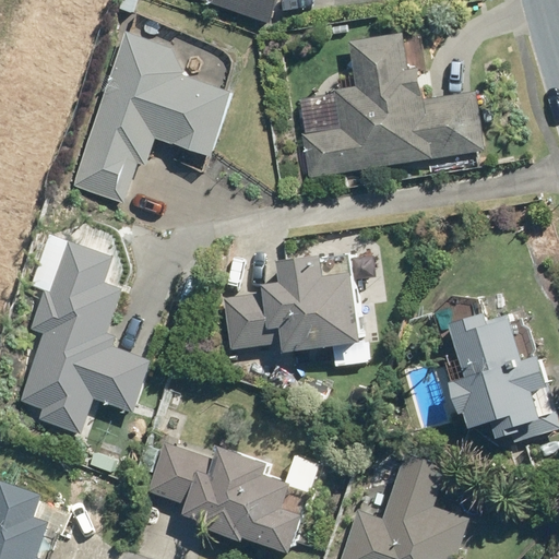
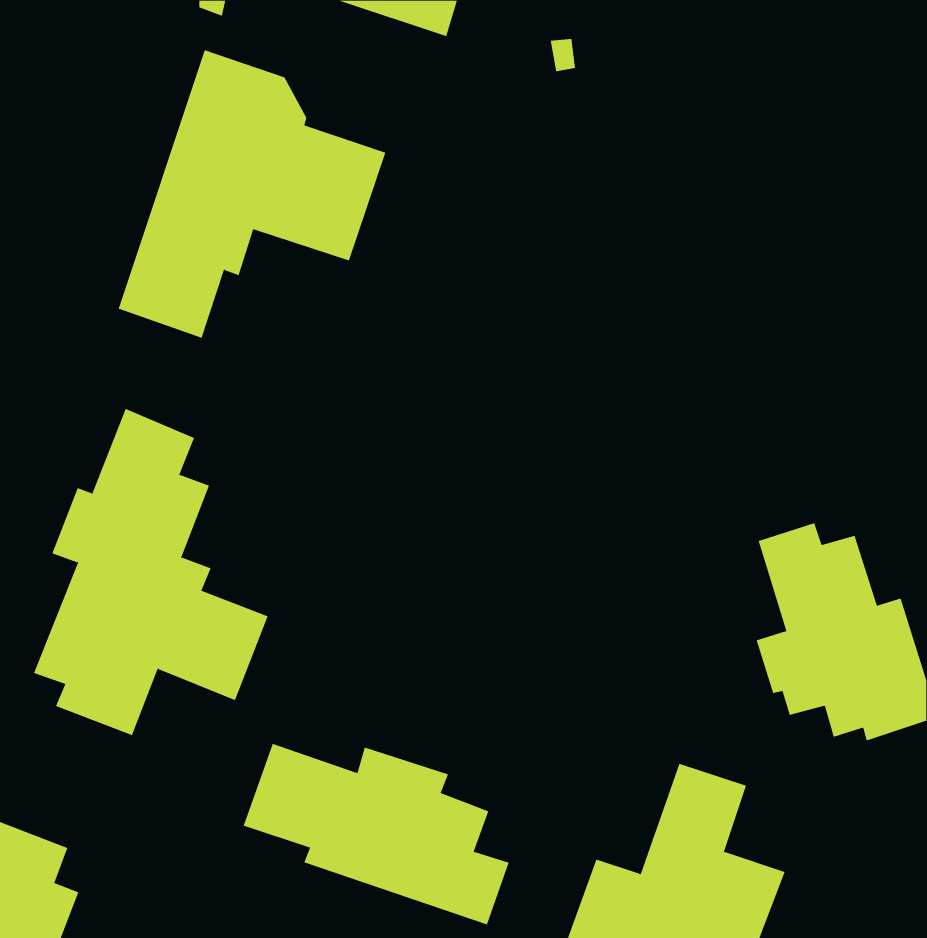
building: [298,33,483,177] -> none
building: [219,253,360,350] -> none

